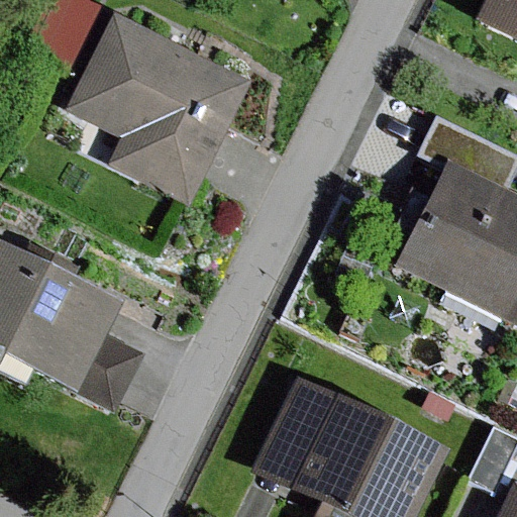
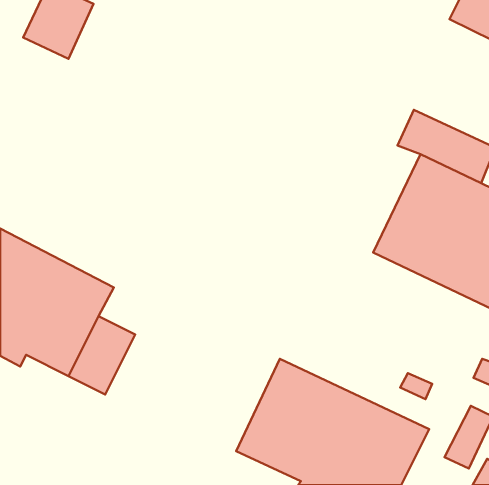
building: [66,14,246,198] -> none

